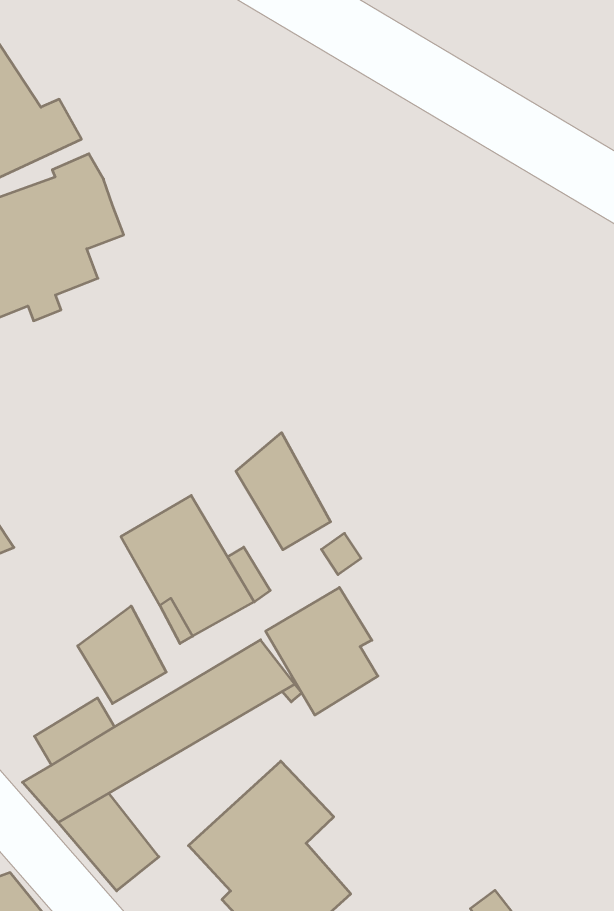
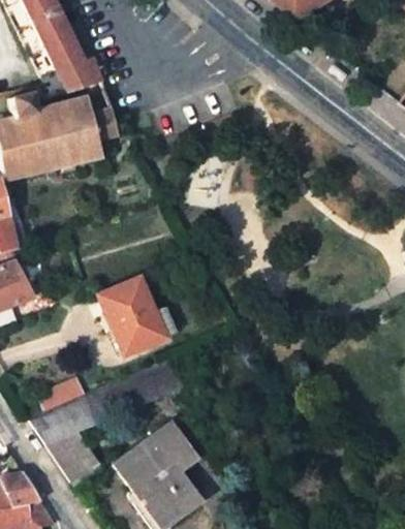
building: [236,433,331,550] -> none
building: [266,587,378,715] -> none
building: [78,606,166,704] -> none

